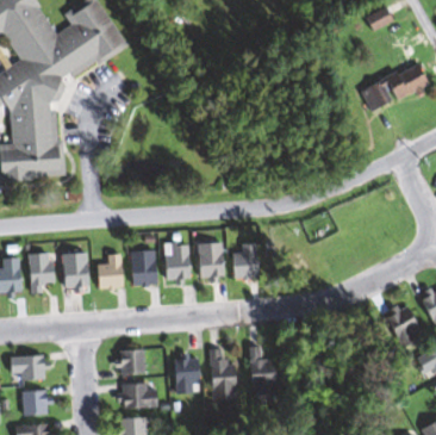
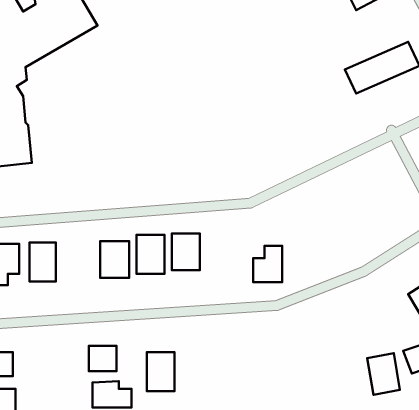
building: [232,243,260,278] -> [253,246,282,282]
building: [95,254,123,288] -> none
building: [390,306,421,346] -> [367,353,400,395]
building: [249,347,274,394] -> none
building: [211,349,237,399] -> none

